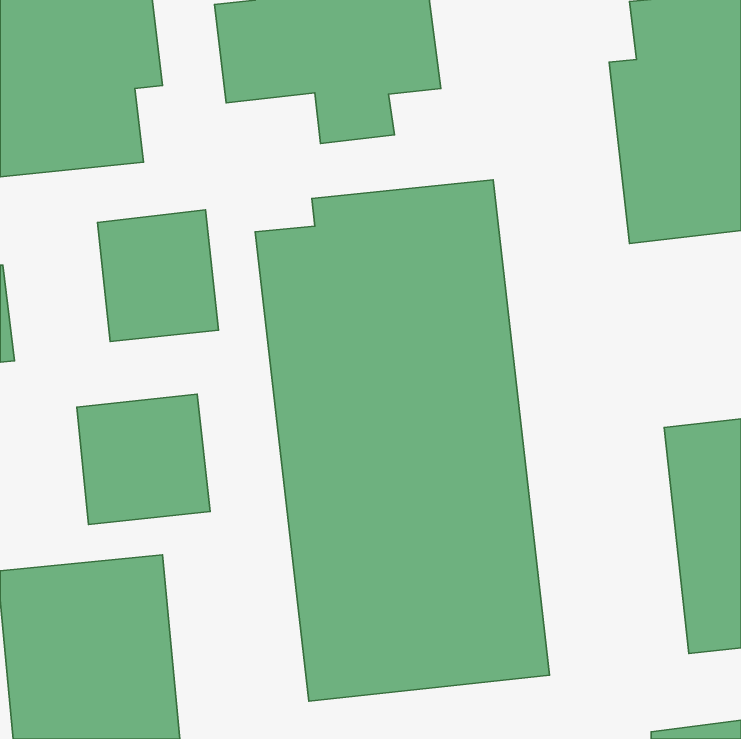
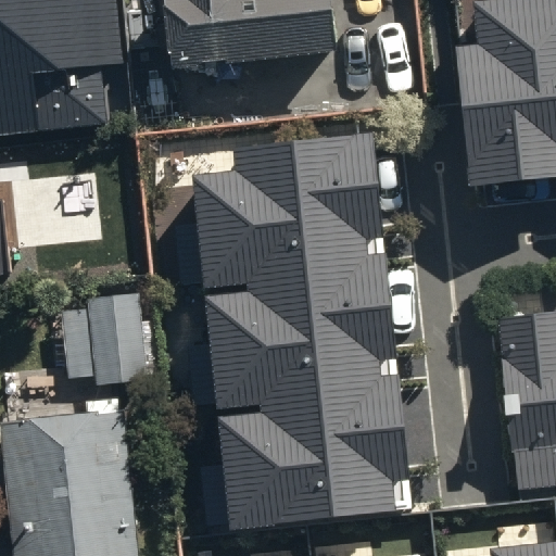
building: [98,210,219,341] -> none

